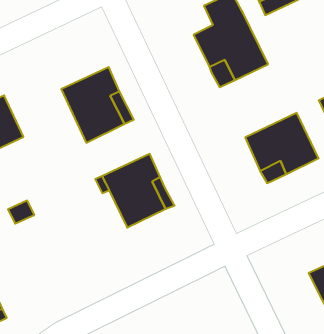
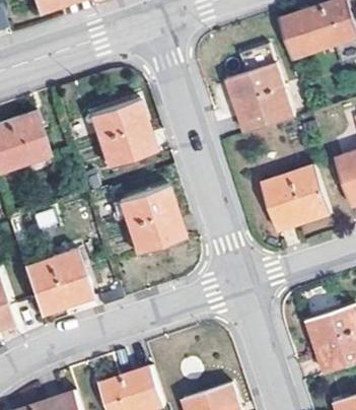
building: none -> [24,250,93,316]

